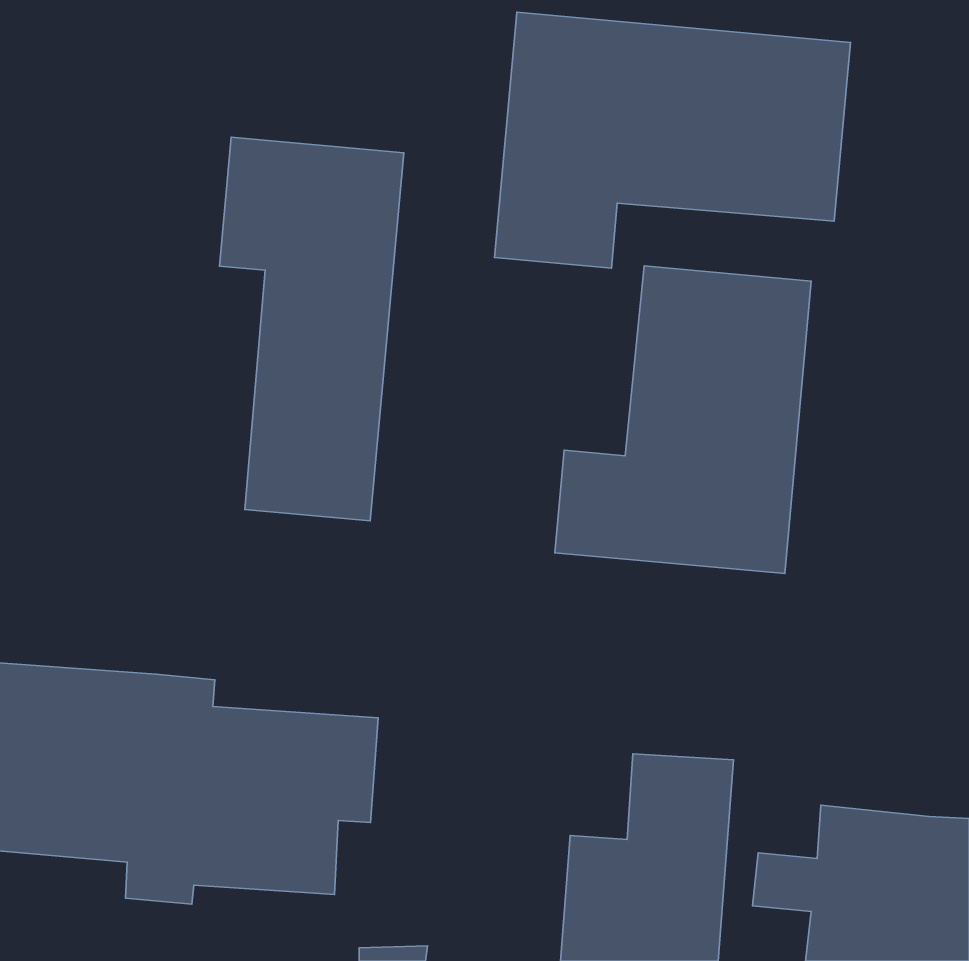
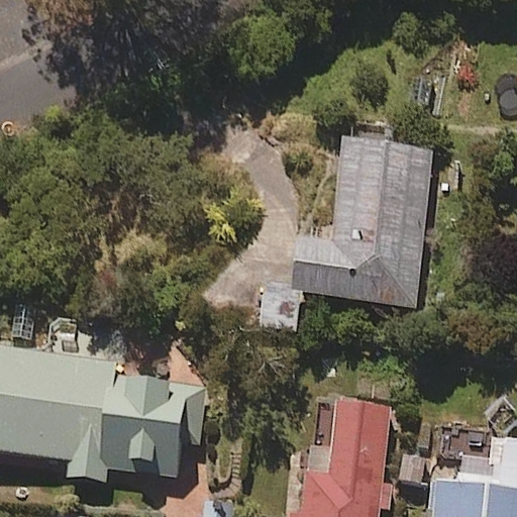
building: [494,12,851,268] -> none
building: [219,137,404,521] -> none

